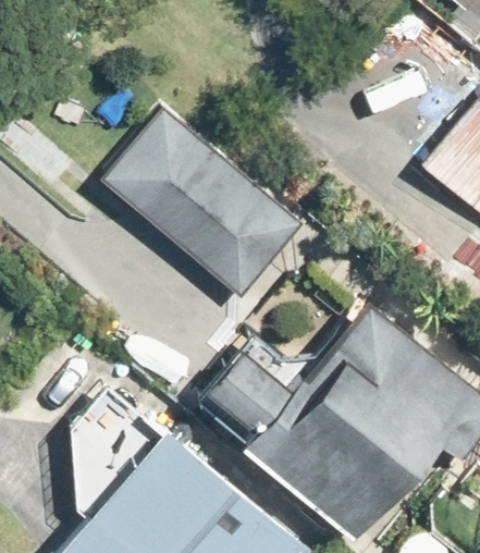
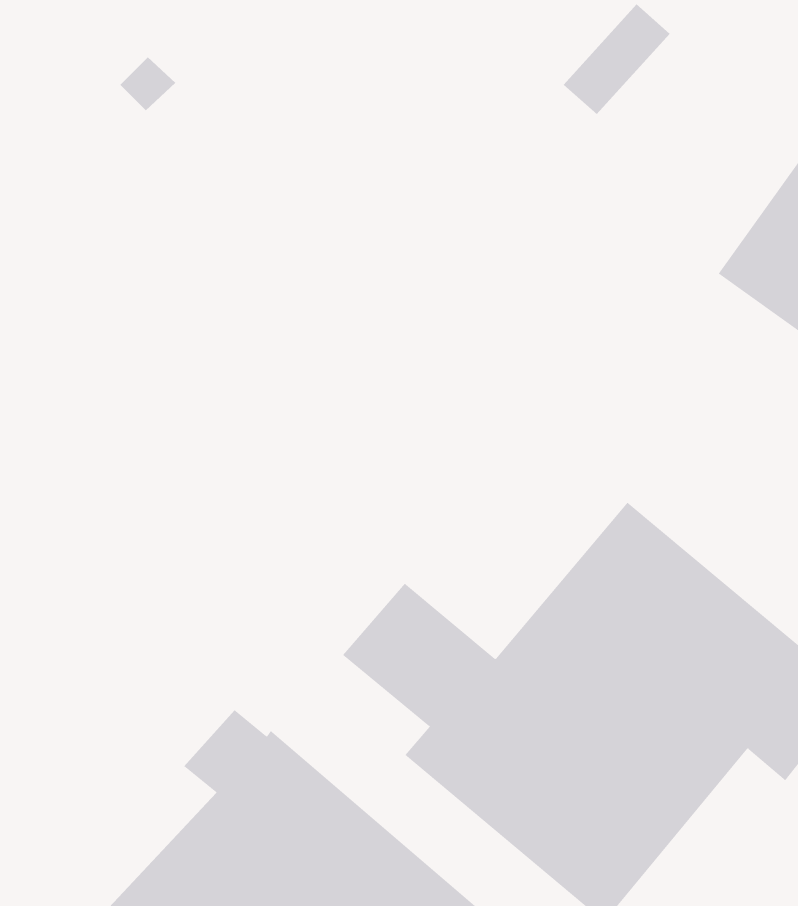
building: [102,110,300,297] -> none

